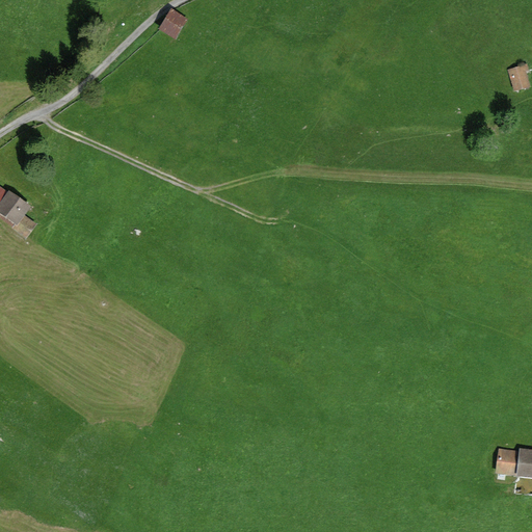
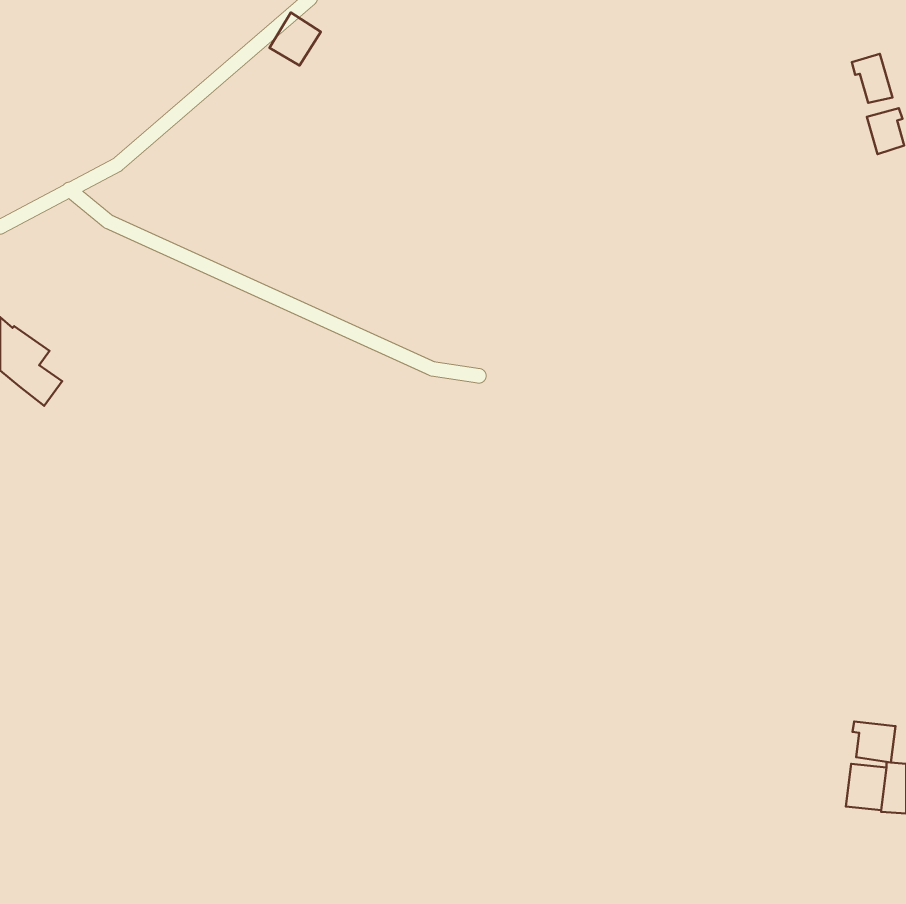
building: none -> [852,54,892,103]
building: none -> [852,721,896,763]

